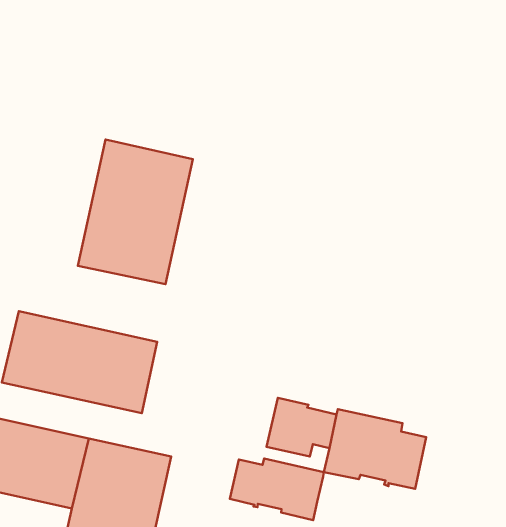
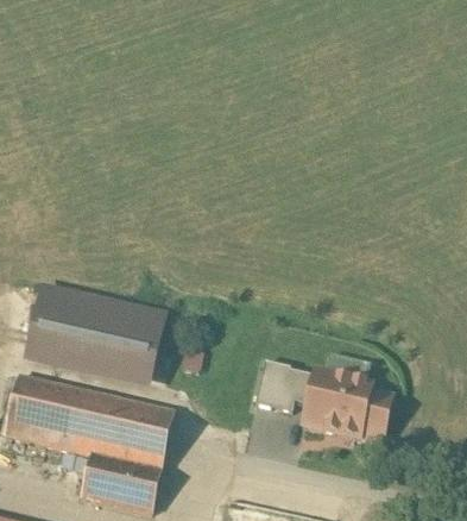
building: [78,140,193,284] -> none
building: [230,458,324,520] -> none

